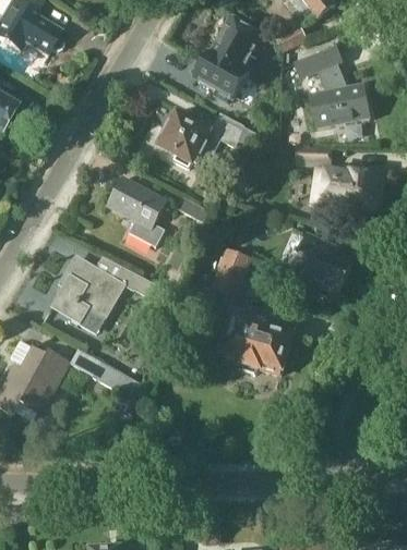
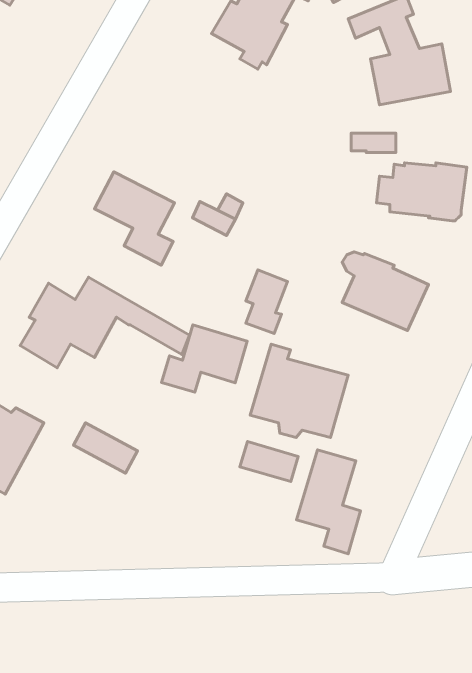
building: [158,111,244,167] -> none
building: none -> [161,325,247,392]
building: none -> [240,442,298,482]
building: none -> [296,450,361,554]

